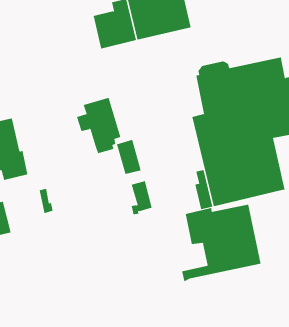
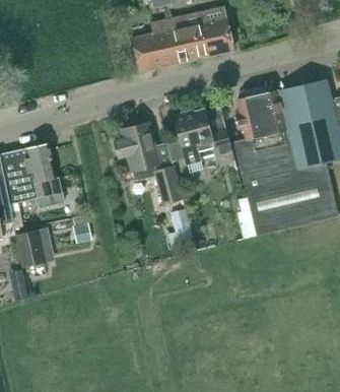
building: none -> [166,109,233,172]
building: [182,204,261,282] -> none

